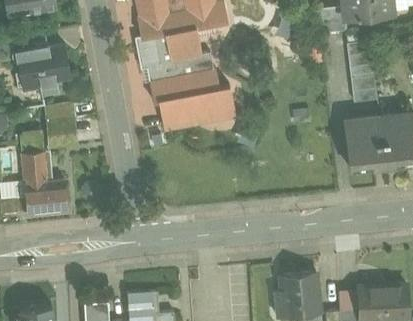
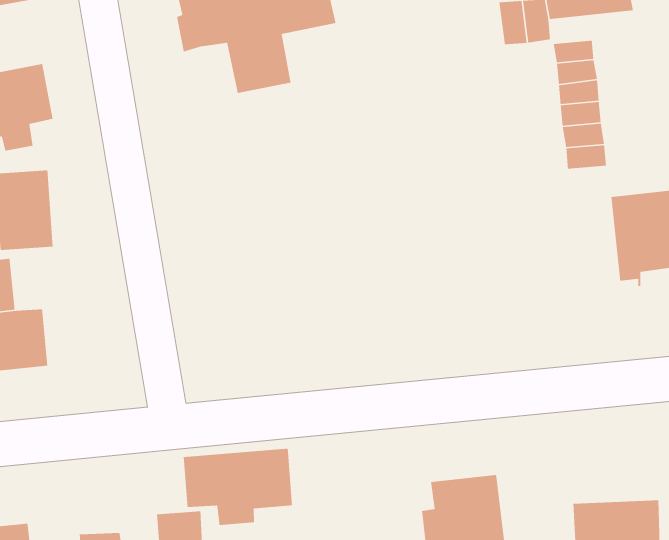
building: [145,32,237,131] -> none
building: [344,117,384,170] -> none
building: none -> [183,448,293,526]

